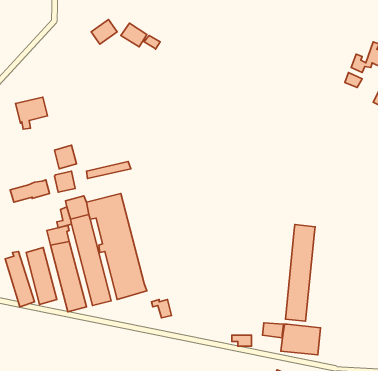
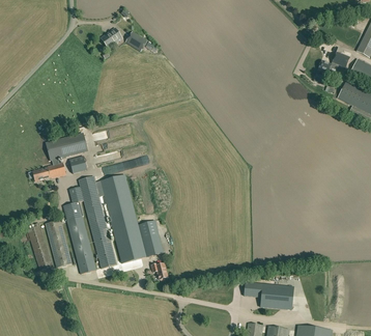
building: [16,97,48,129] -> [46,137,73,164]
building: [285,224,315,321] -> none
building: none -> [138,219,163,255]

